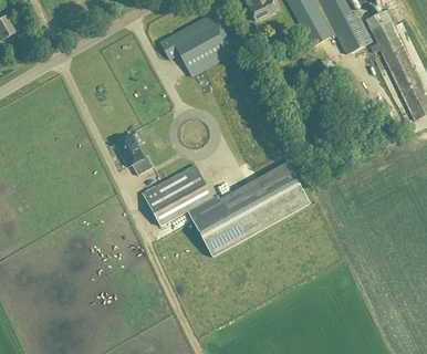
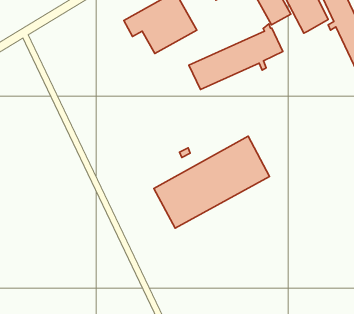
building: none -> [189,24,283,90]
building: [115,133,153,174] -> none
building: [142,163,212,225] -> none

